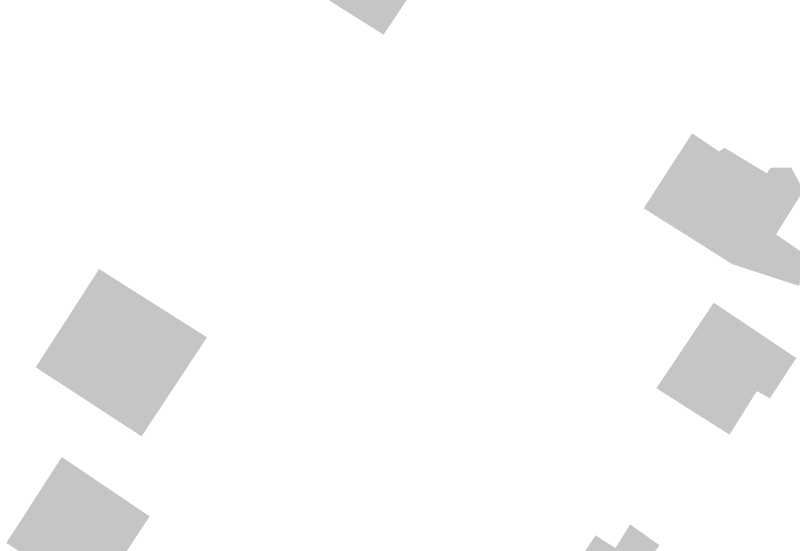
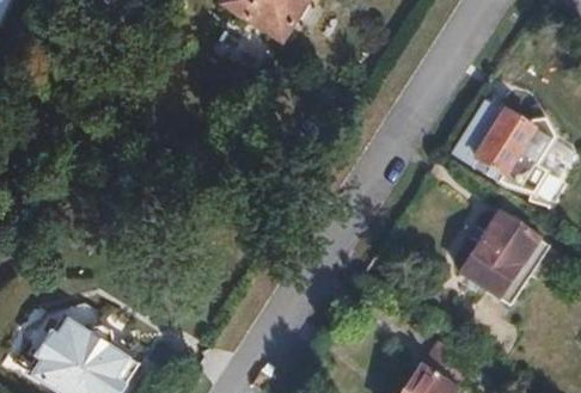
building: [34,268,208,438] -> none

